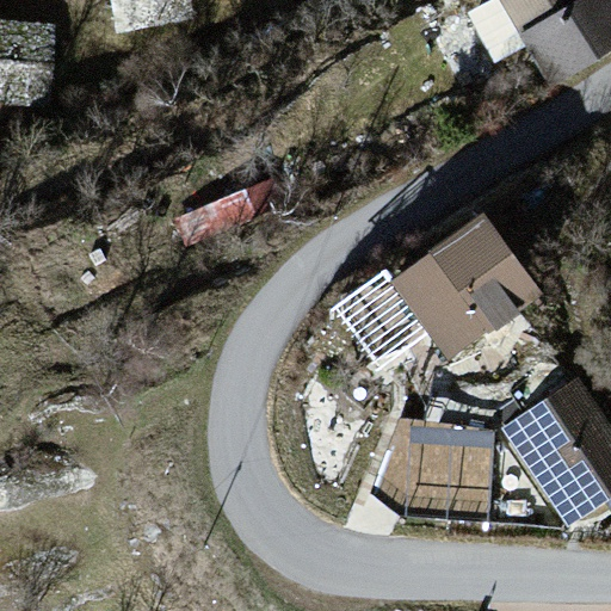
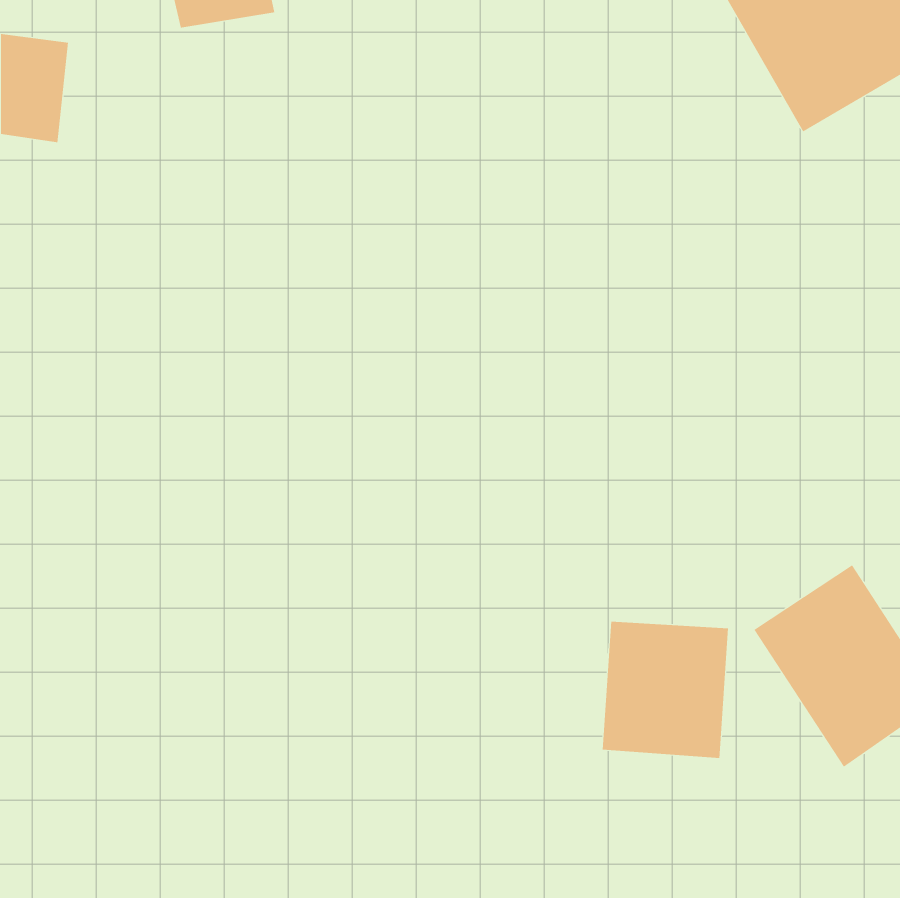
building: [391,215,542,362] -> none

